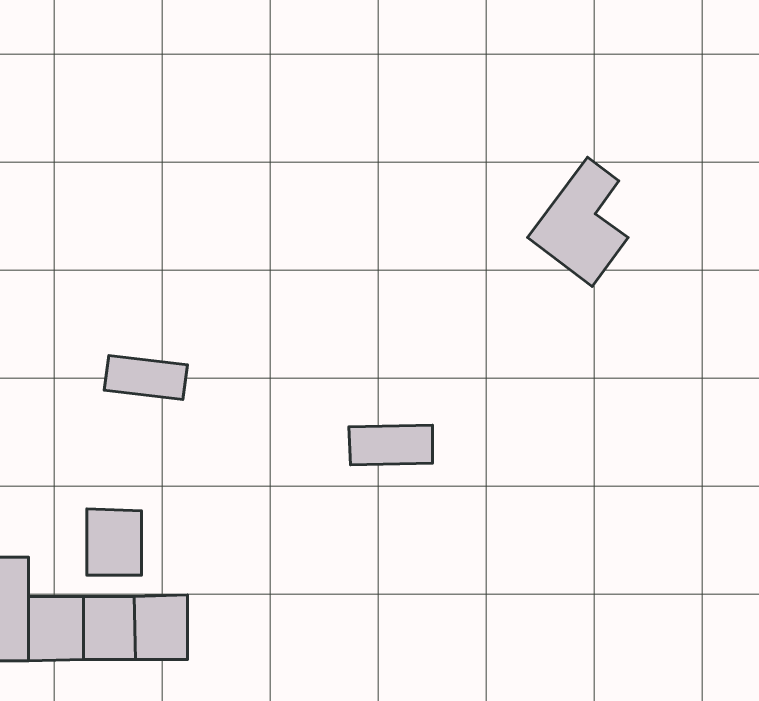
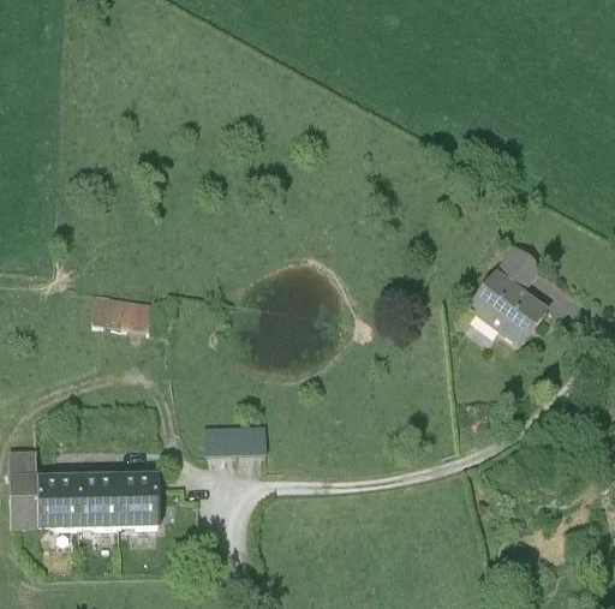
building: [528,157,628,286] -> [468,246,545,345]
building: [349,425,432,465] -> [202,423,265,453]
building: [87,509,141,575] -> none

